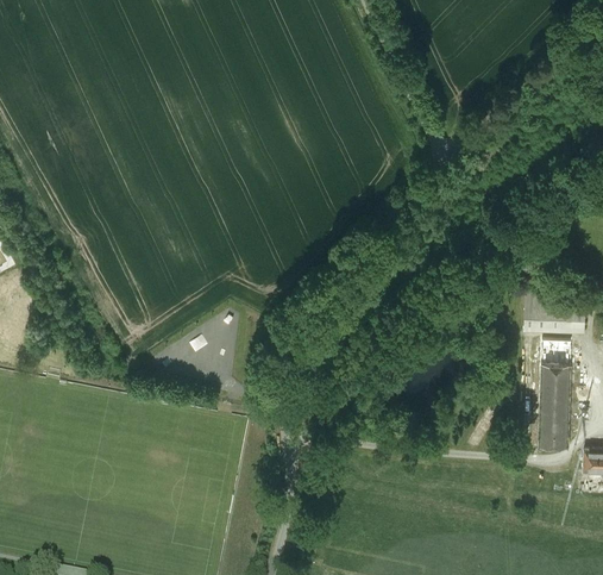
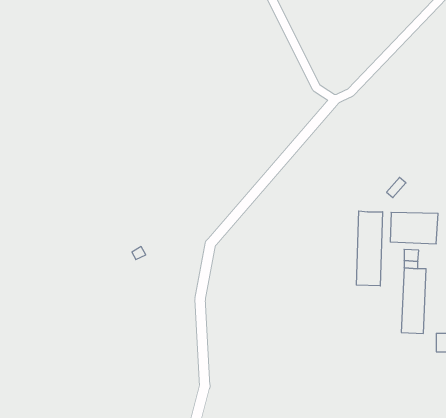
building: none -> [356,211,383,286]

